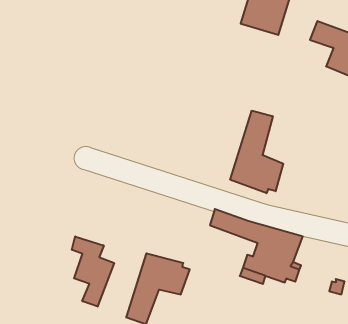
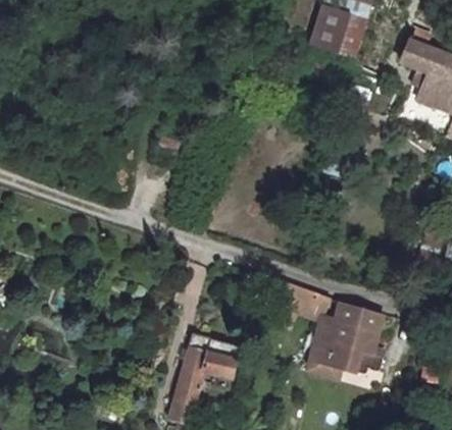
building: [230,111,283,193] -> none
building: [72,236,114,307] -> none

